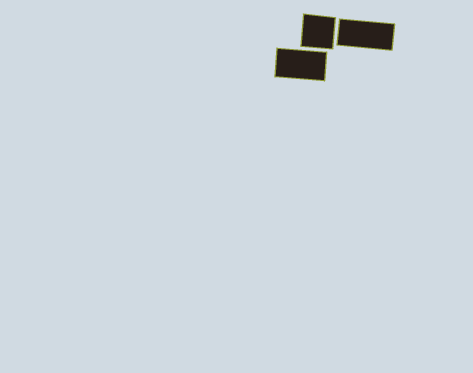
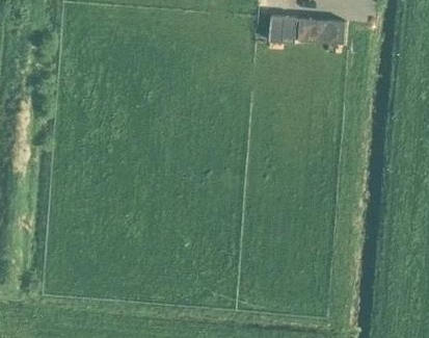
building: [275,48,327,81] -> none

